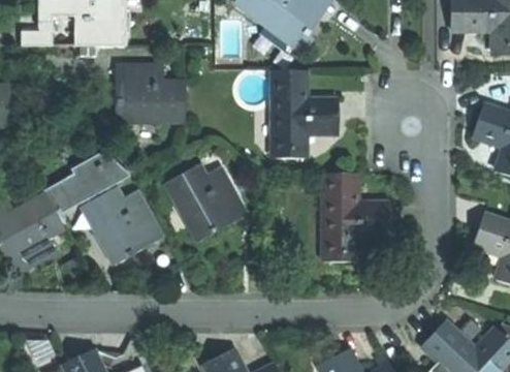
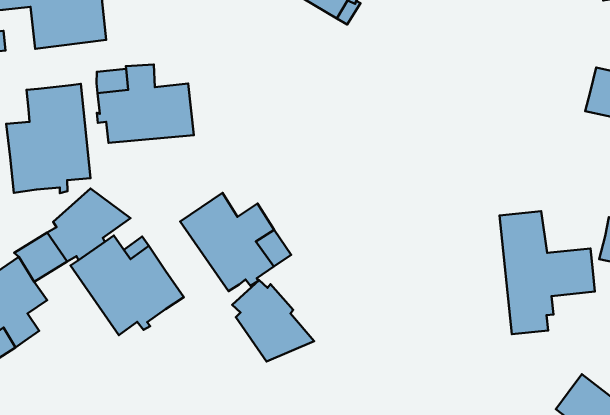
building: [273,69,338,159] -> none
building: none -> [6,84,91,193]
building: [323,174,387,261] -> [499,211,595,334]
building: none -> [232,280,314,361]

